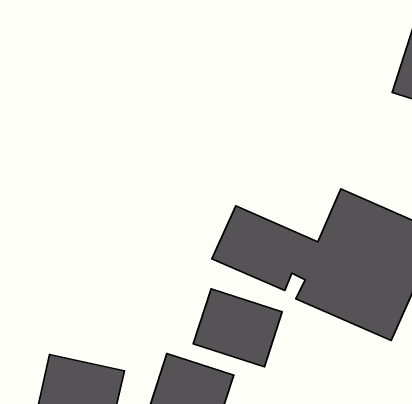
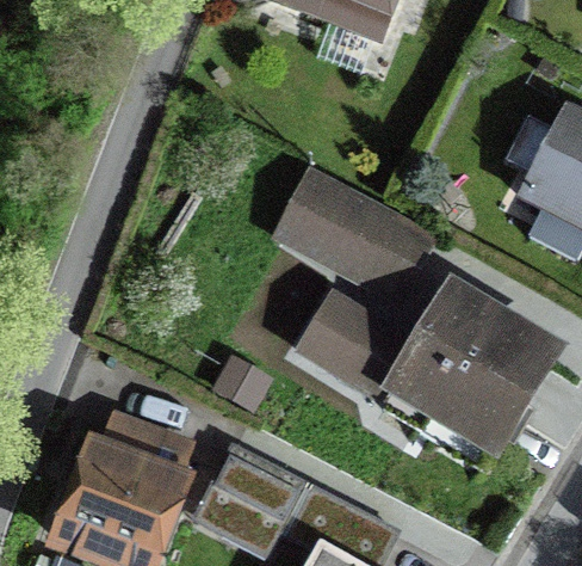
building: none -> [295,174,427,293]
building: [193,289,282,367] -> none

